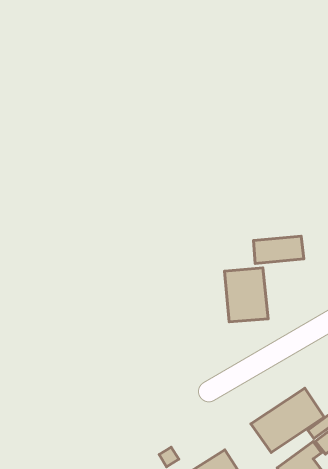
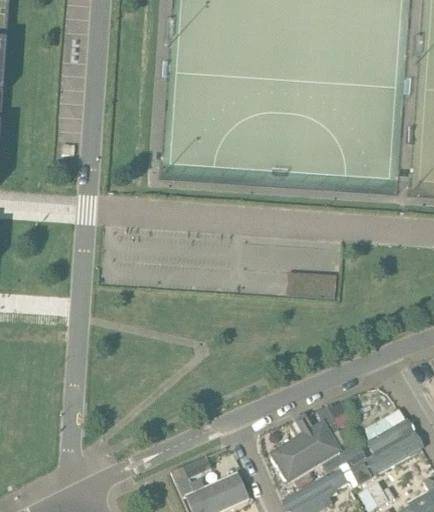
building: [224,268,268,322] -> none

